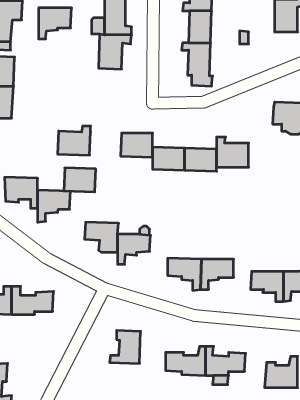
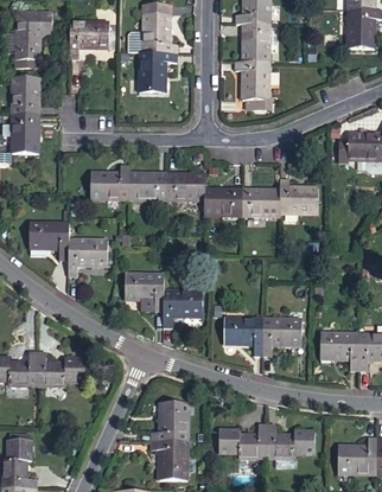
building: [64,168,96,192] -> [129,168,167,197]
building: none -> [153,441,189,480]

